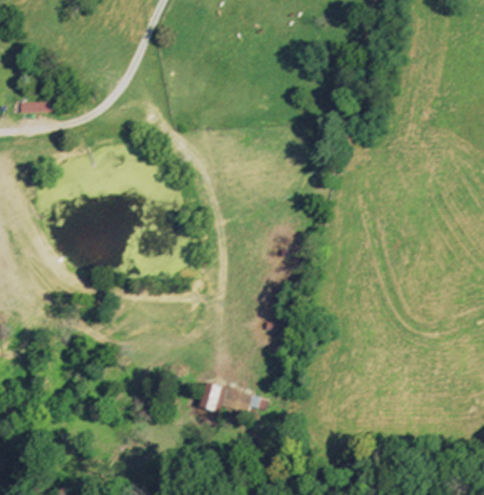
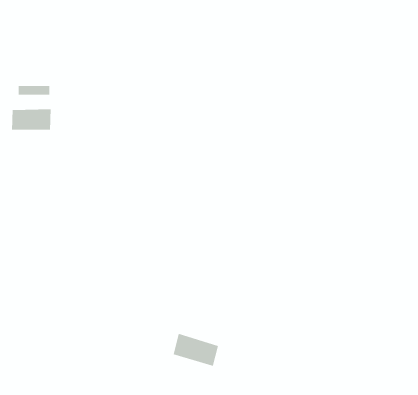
building: none -> [12,109,51,131]

